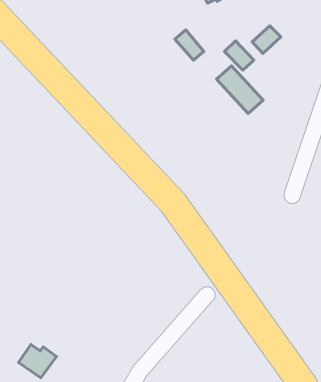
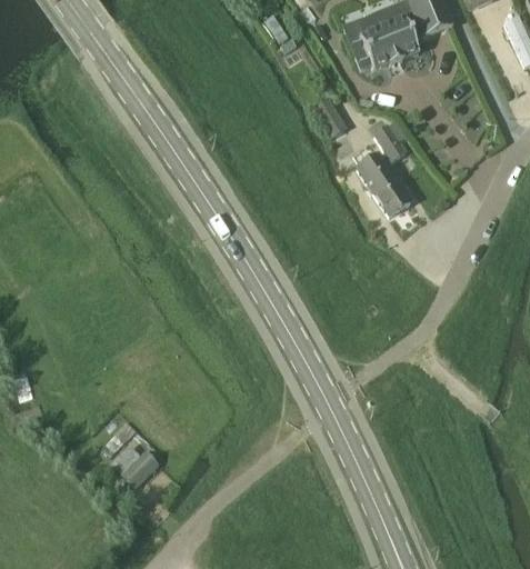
building: [252,26,281,54] -> none
building: [19,344,56,378] -> [108,439,156,482]

